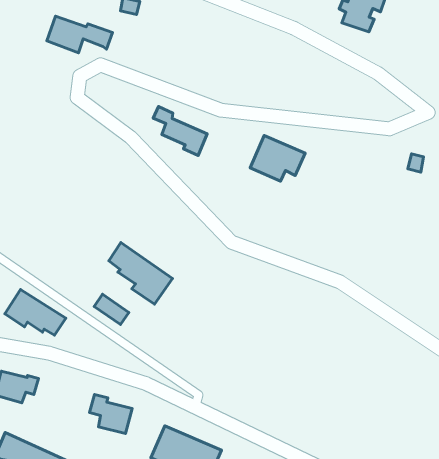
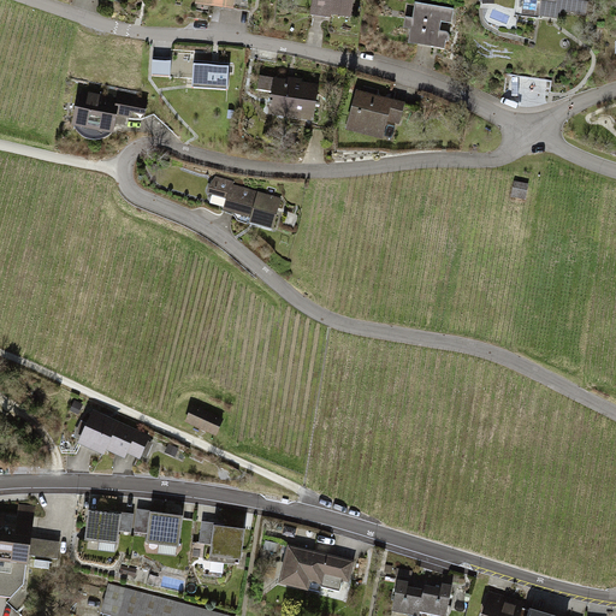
building: none -> [192,64,230,91]
building: none -> [256,75,321,123]
building: [250,135,305,181] -> [345,90,405,140]
building: [109,243,172,304] -> none
building: none -> [132,510,184,549]

